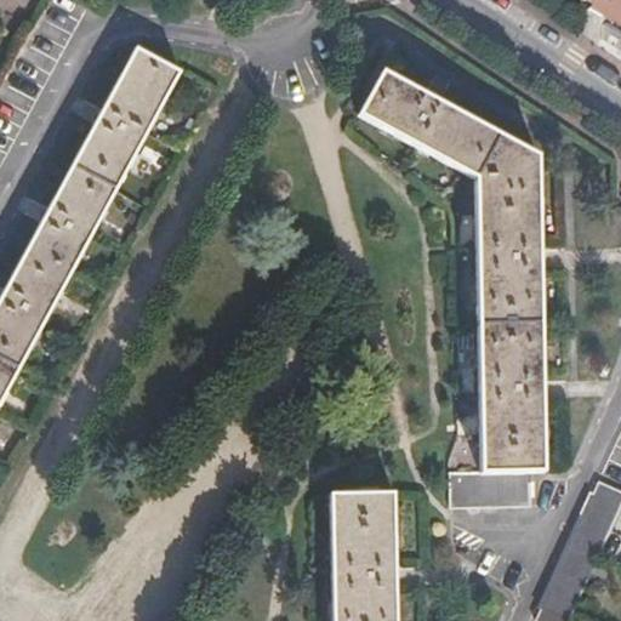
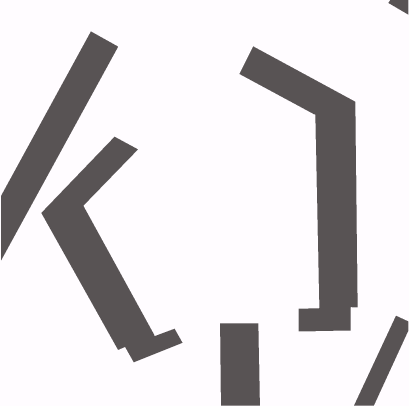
building: none -> [40,136,184,363]

